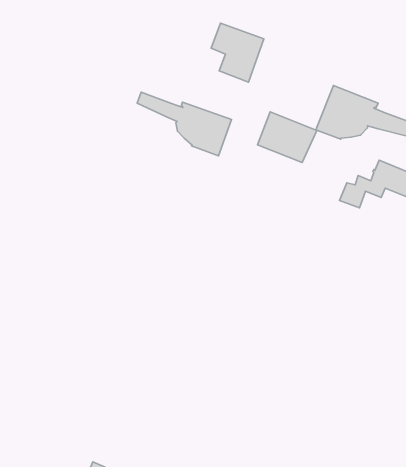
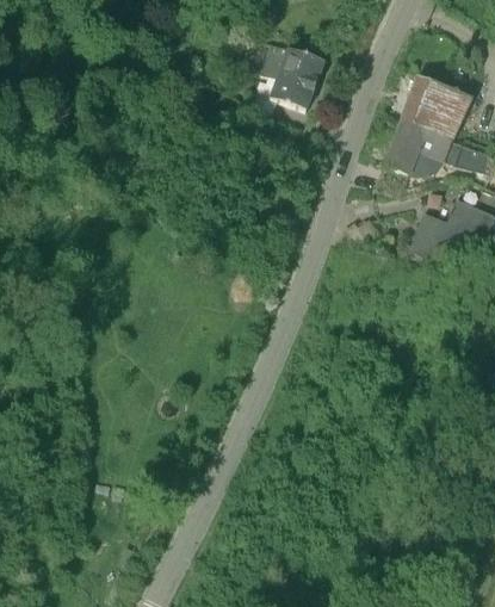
building: [137,92,232,156] -> none
building: [258,112,317,163] -> [403,75,471,134]

